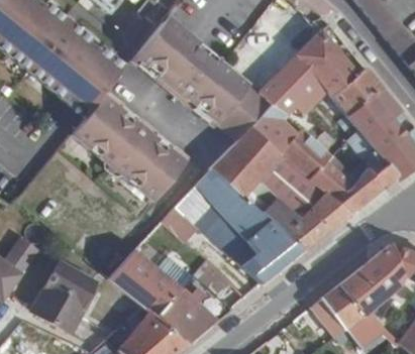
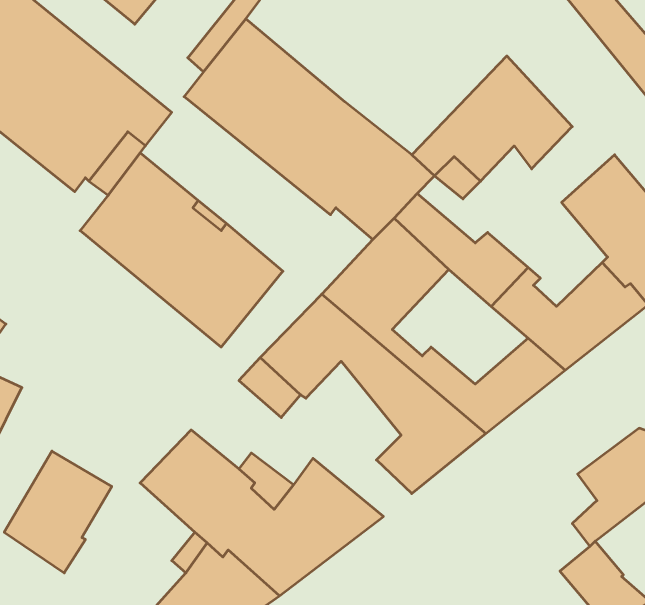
building: [332,69,380,118] -> none
building: [252,156,330,222] -> none
building: [203,209,257,265] -> none
building: [313,273,370,337] -> none

